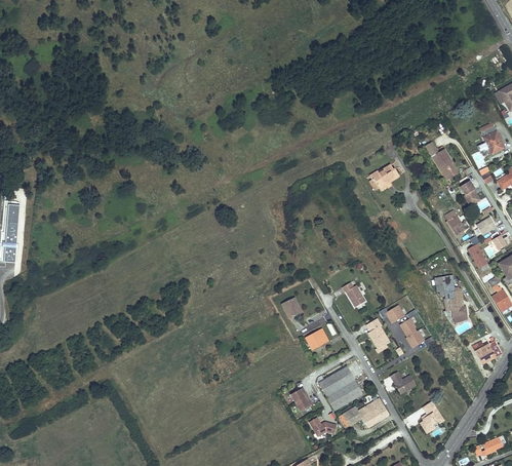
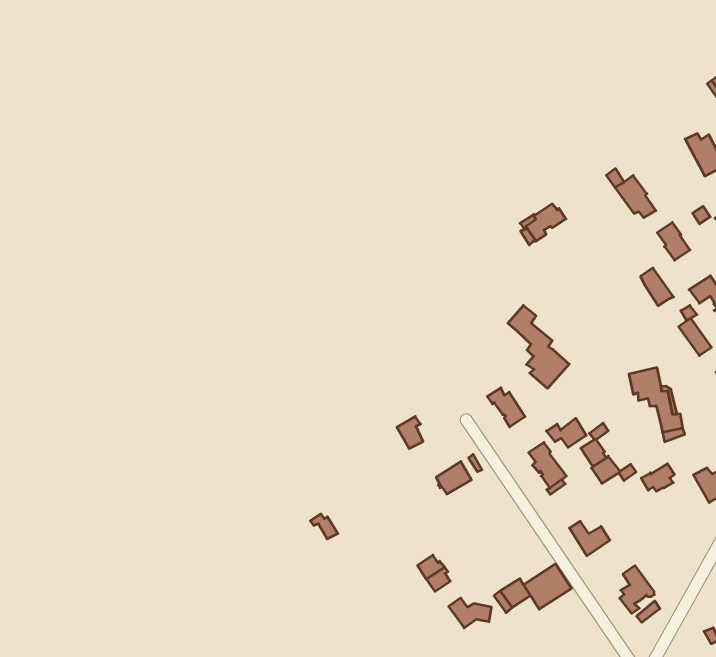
building: none -> [508,305,569,388]
building: [319,366,362,410] -> none

